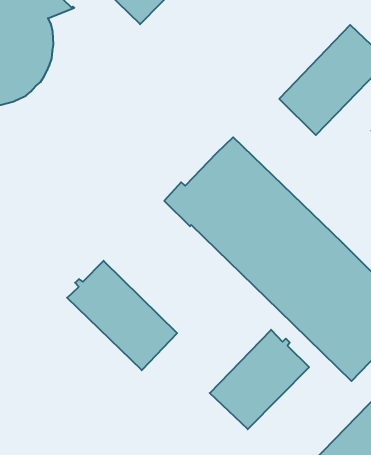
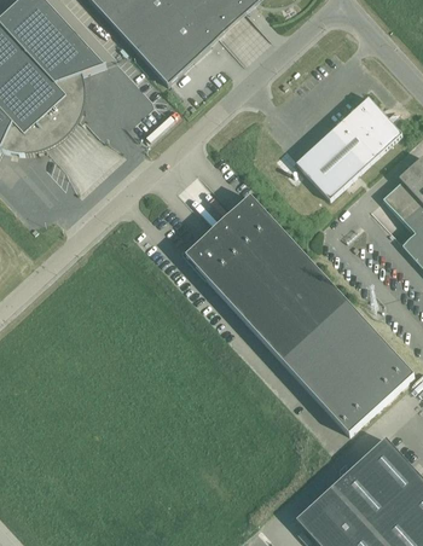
building: [67,261,177,370] -> none
building: [210,330,309,429] -> none

